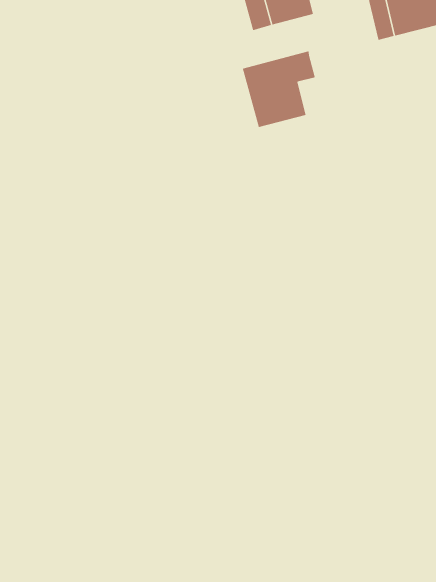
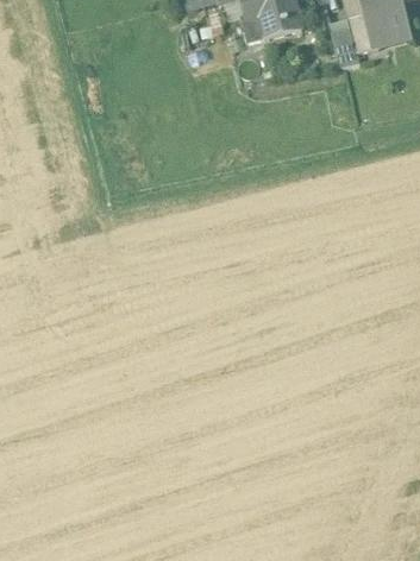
building: [242,51,315,128] -> none

